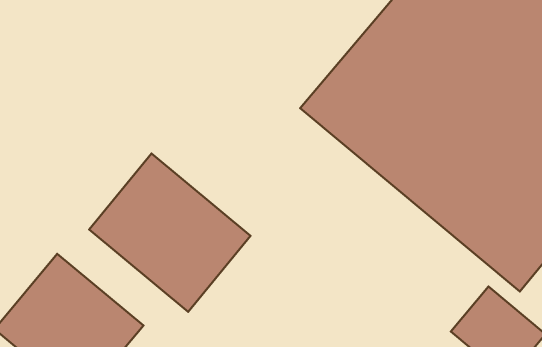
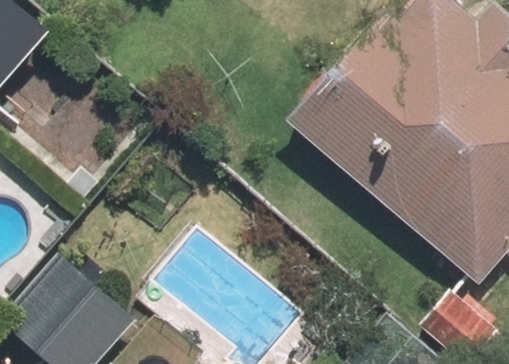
building: [89,154,251,312] -> none

